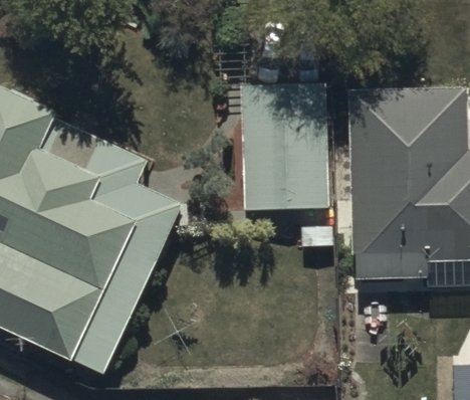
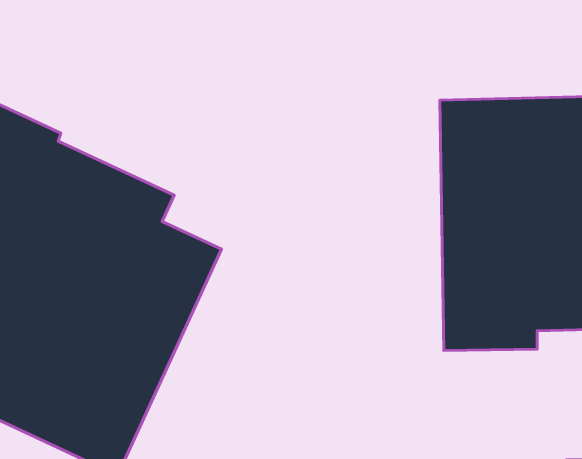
building: [240,86,329,212] -> none

